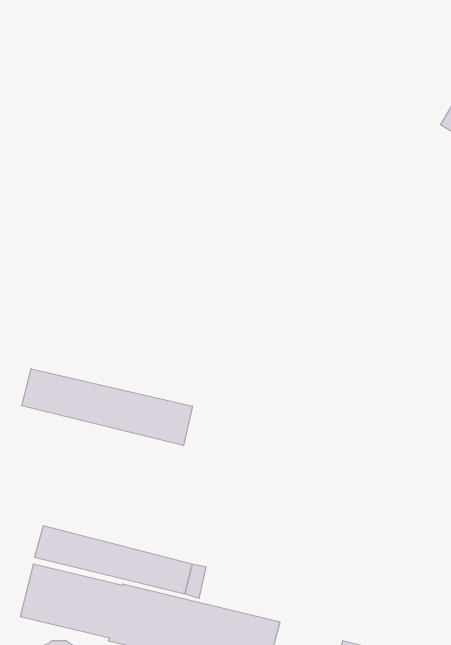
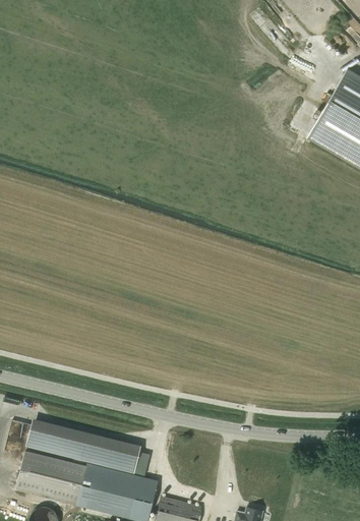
building: [22,369,192,446] -> none

